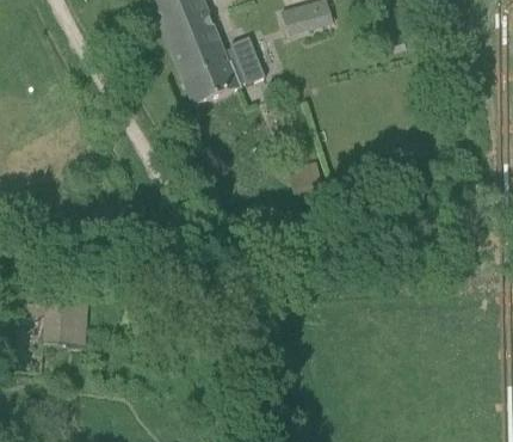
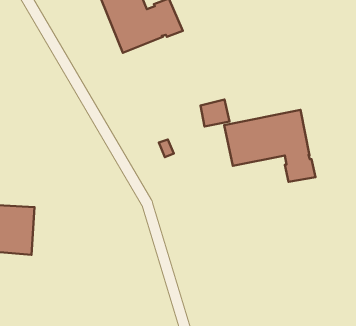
building: none -> [224,110,316,182]

